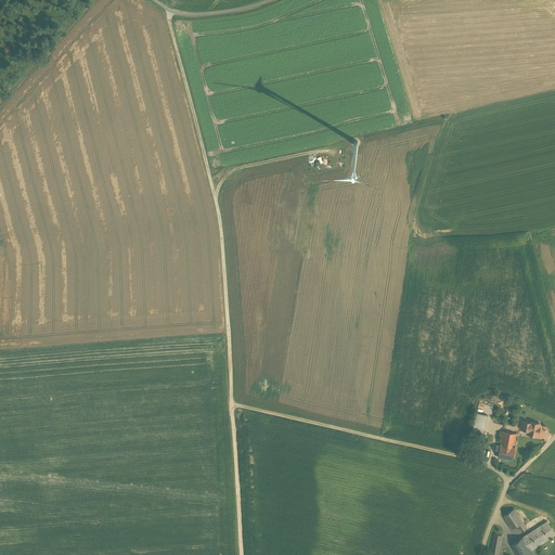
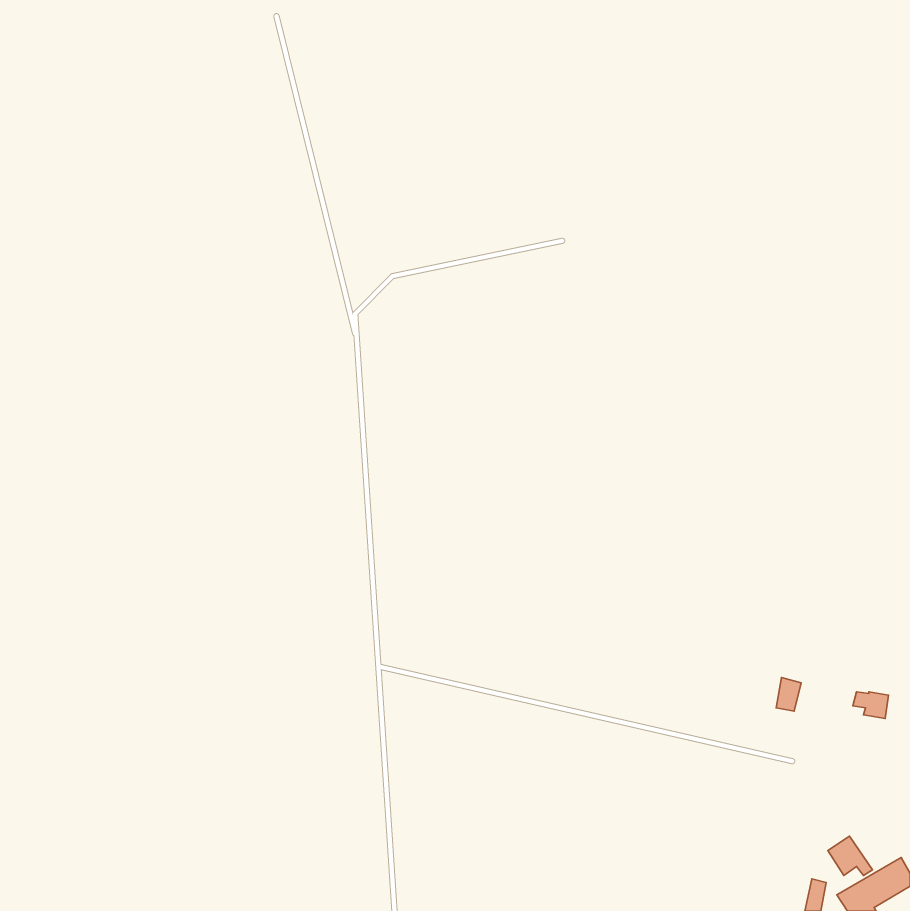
building: [496,430,516,460] -> none

